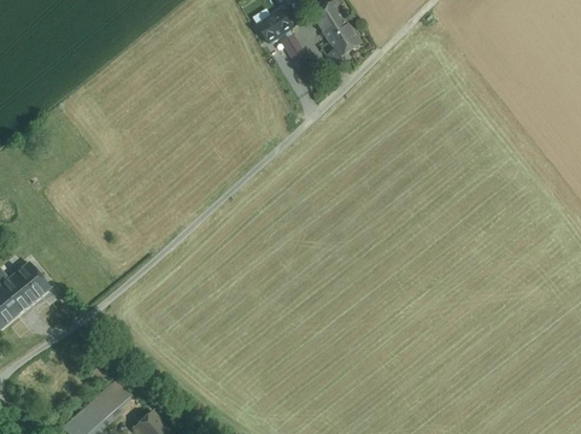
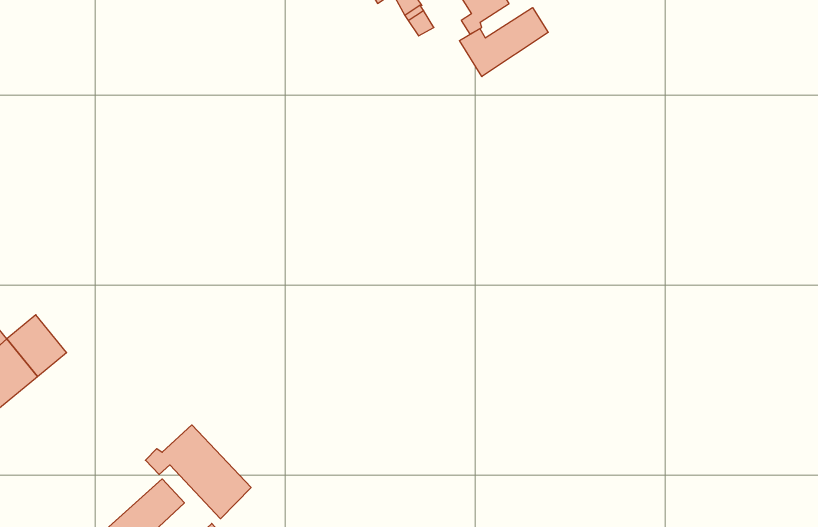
building: none -> [459,8,548,77]
building: none -> [145,425,251,519]

